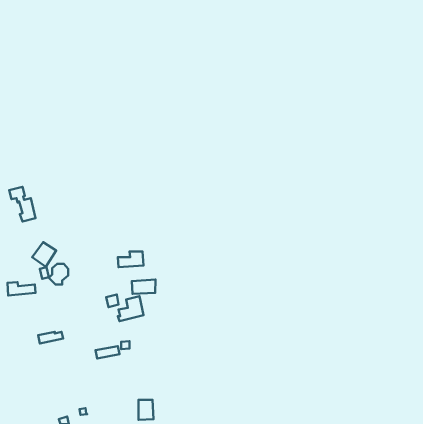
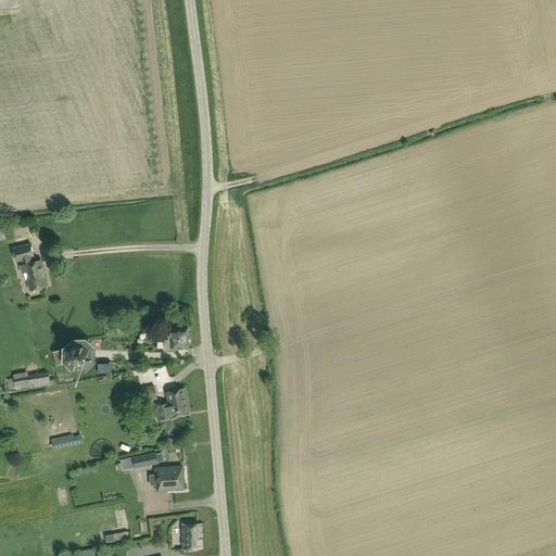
building: [32,242,56,267] -> none
building: [132,279,155,294] -> none
building: none -> [151,467,182,491]

